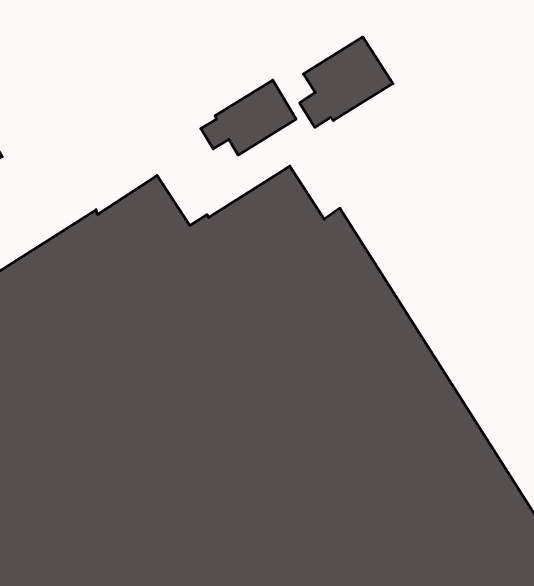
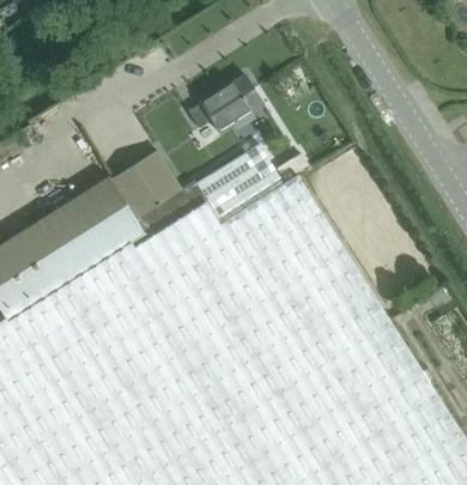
building: [300,37,393,127] -> none

